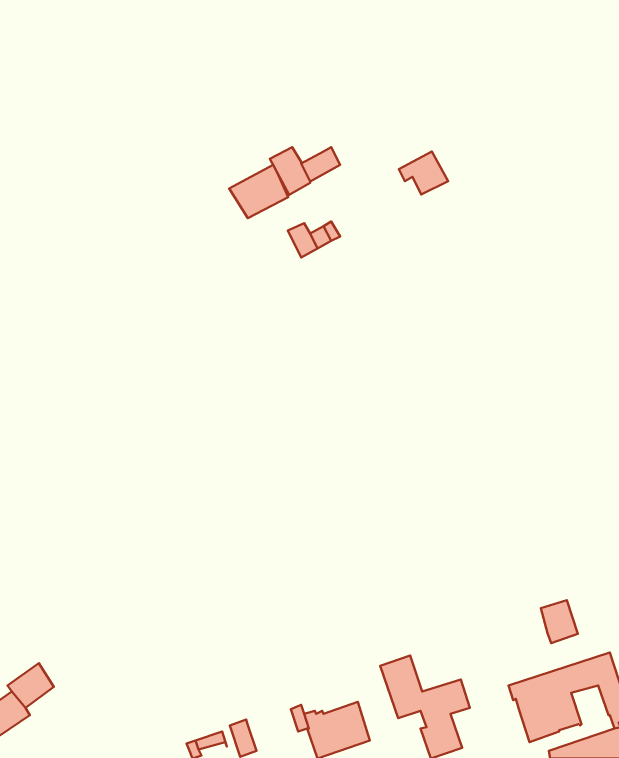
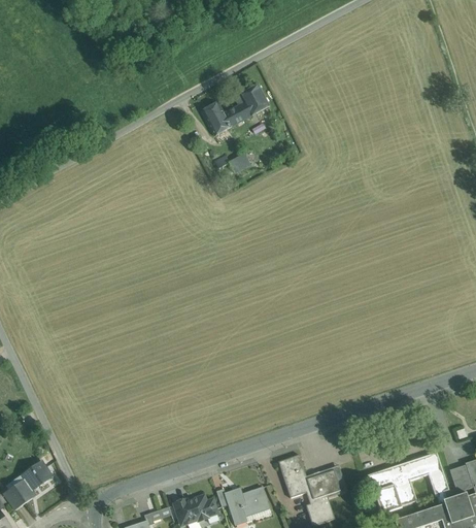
building: [399,151,448,195] -> [235,85,269,114]
building: [229,165,288,218] -> none
building: [541,600,578,643] -> none
building: none -> [186,495,217,520]

